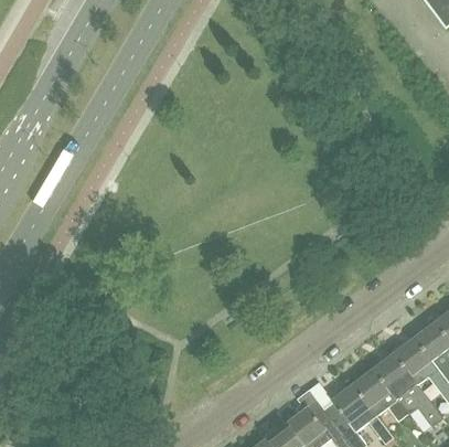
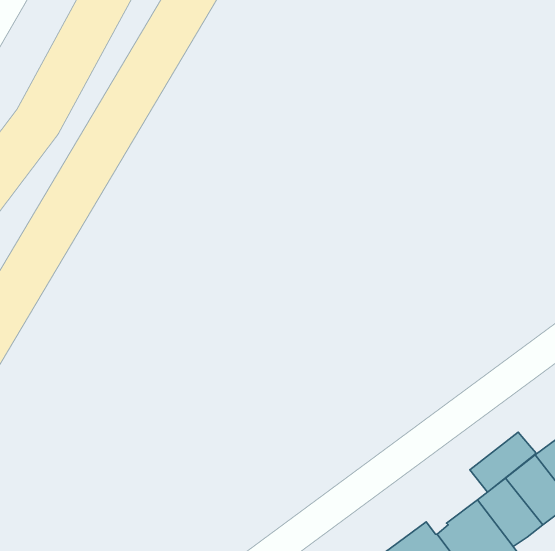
building: none -> [470,432,536,492]

